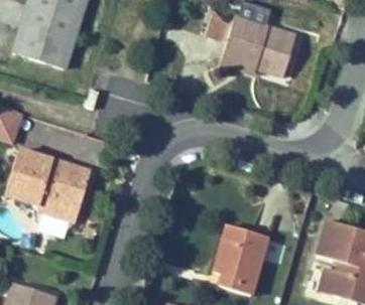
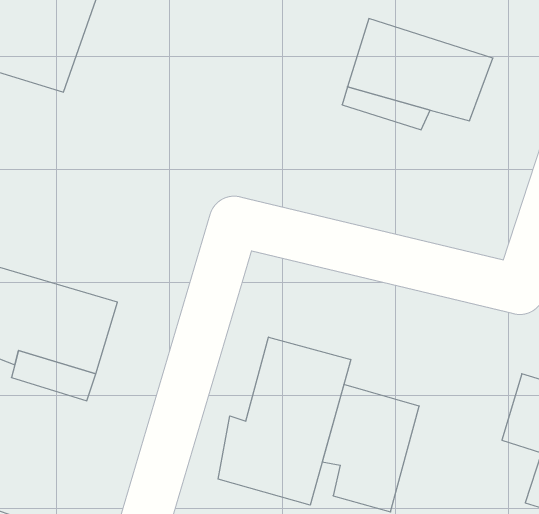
building: none -> [218,337,351,505]

